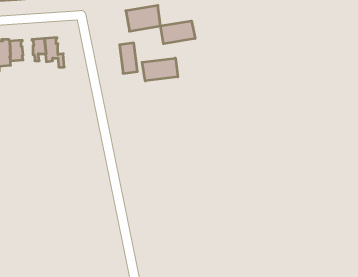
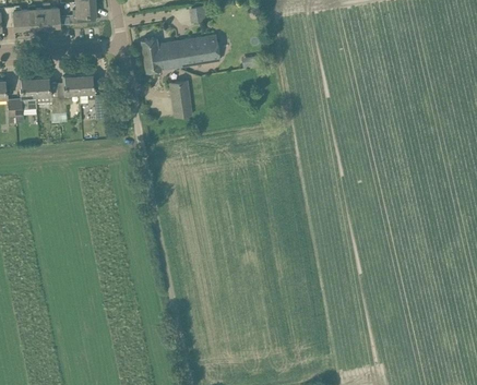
building: none -> [140,37,181,72]
building: [161,21,195,44] -> none
building: [142,58,178,81] -> none

